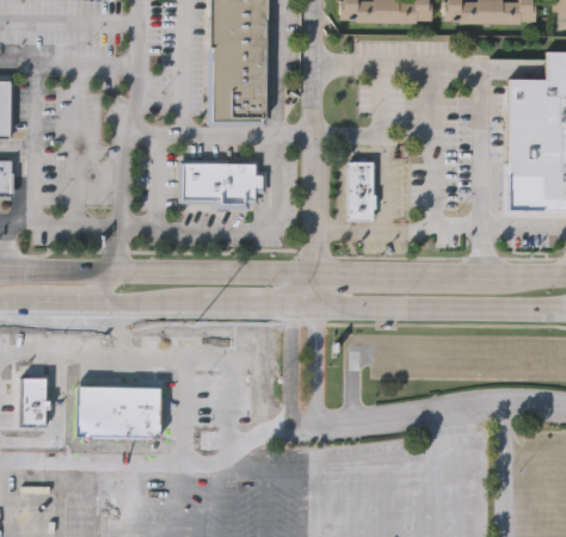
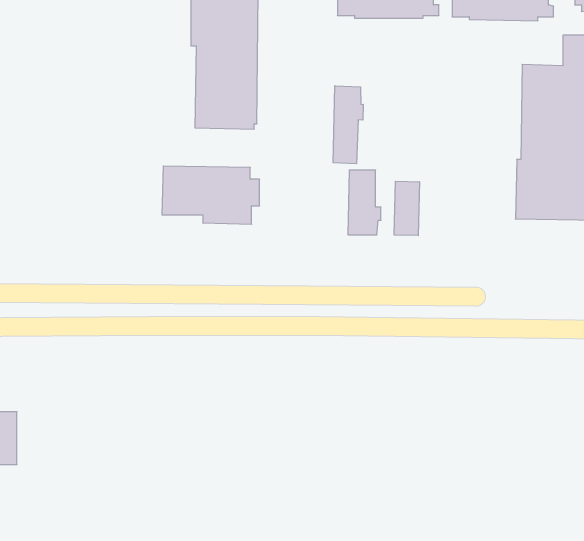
building: none -> [333,86,363,164]
building: none -> [394,181,419,236]
building: [81,385,164,438] -> none

